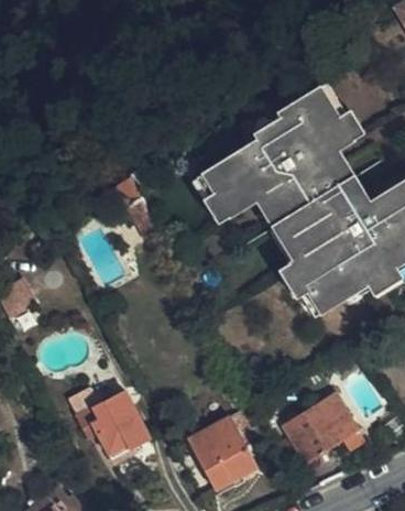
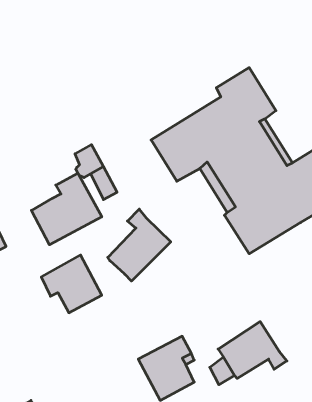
building: none -> [31,173,102,245]
building: none -> [108,209,171,281]
building: [75,390,147,459] -> [41,255,102,313]

